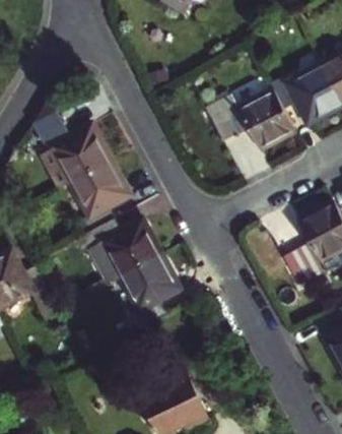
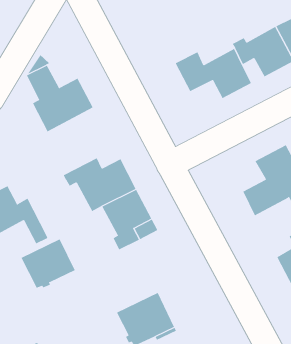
building: [70,159,129,230] -> none
building: none -> [21,238,75,289]

